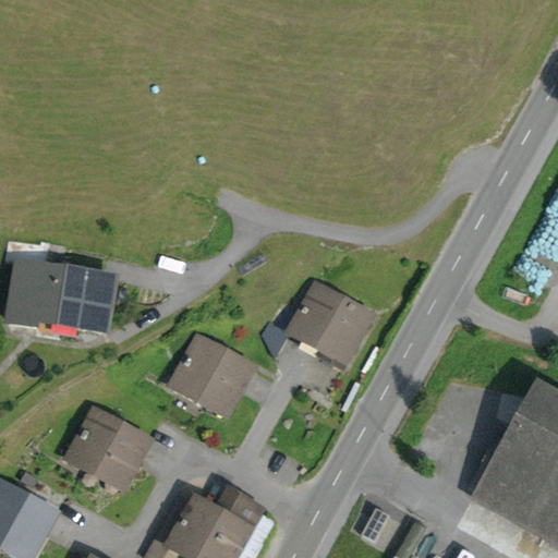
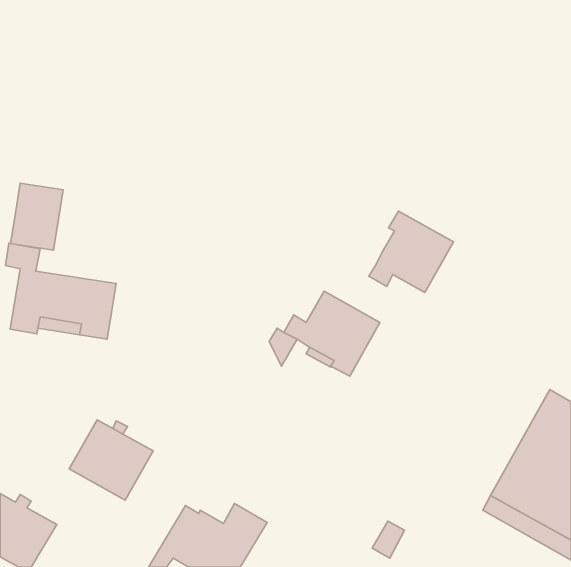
building: none -> [11,183,63,250]
building: none -> [369,211,453,292]
building: [171,337,253,415] -> none

